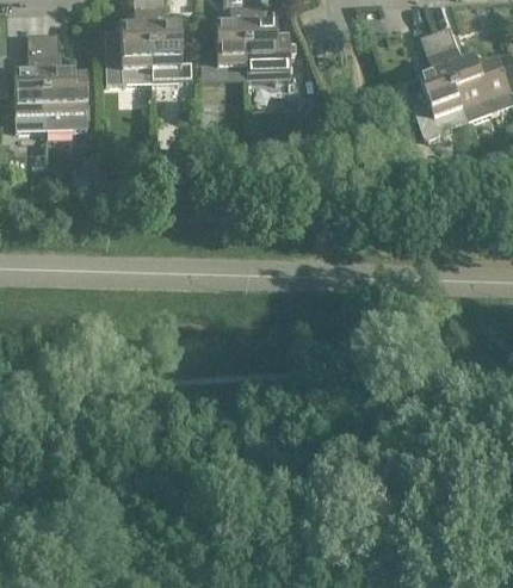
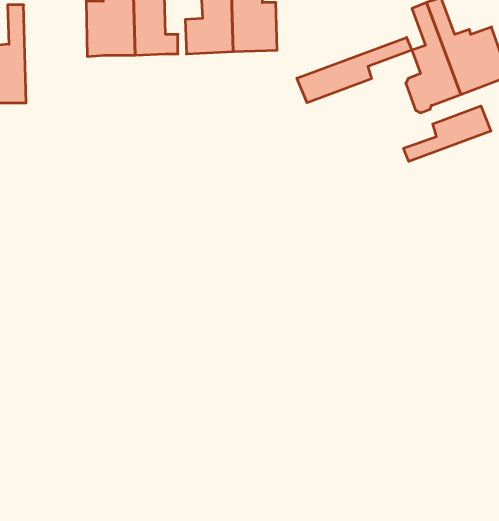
building: [43,35,87,130] -> none
building: none -> [297,37,412,103]
building: none -> [404,106,491,161]

